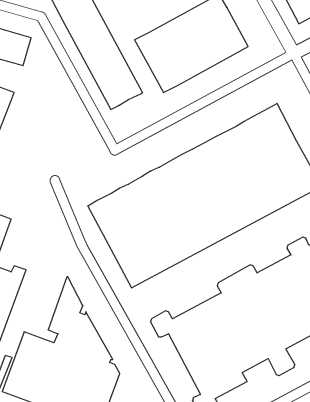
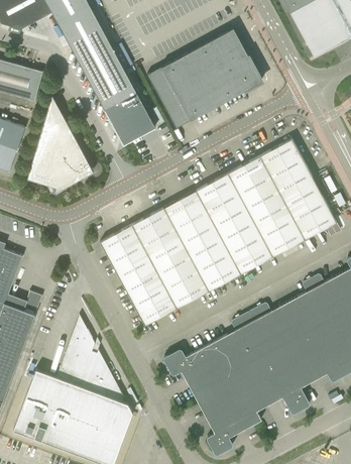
building: none -> [27,96,90,194]

